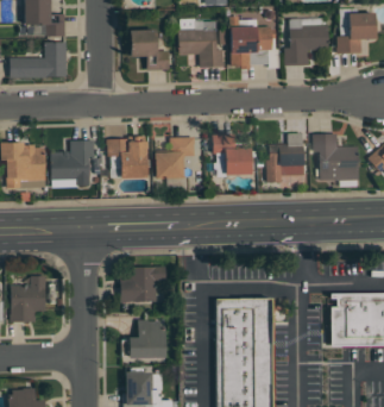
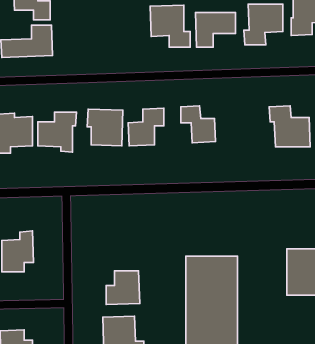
building: [131,29,170,69] -> none
building: [267,133,304,182] -> none
building: [120,265,165,301] -> none

